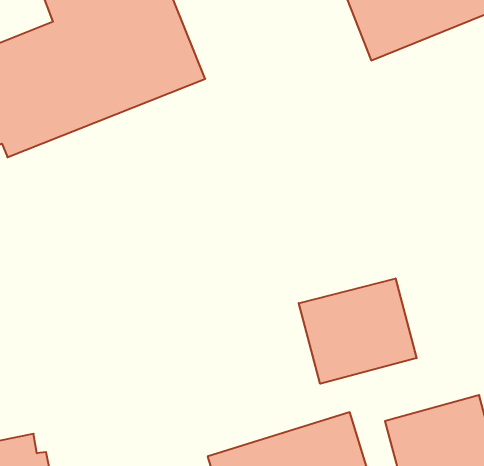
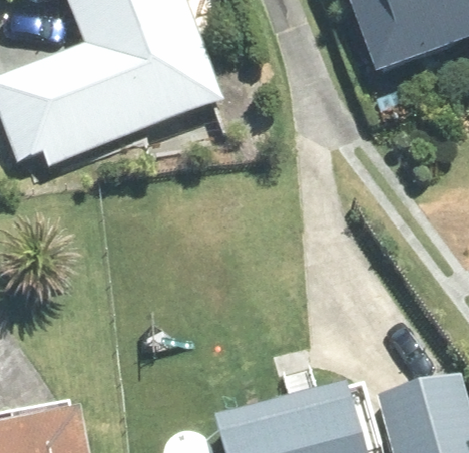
building: [299,278,417,384] -> none

